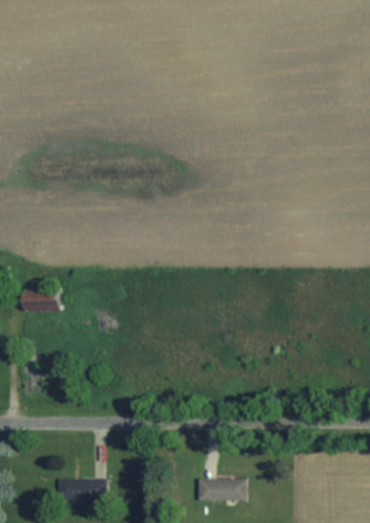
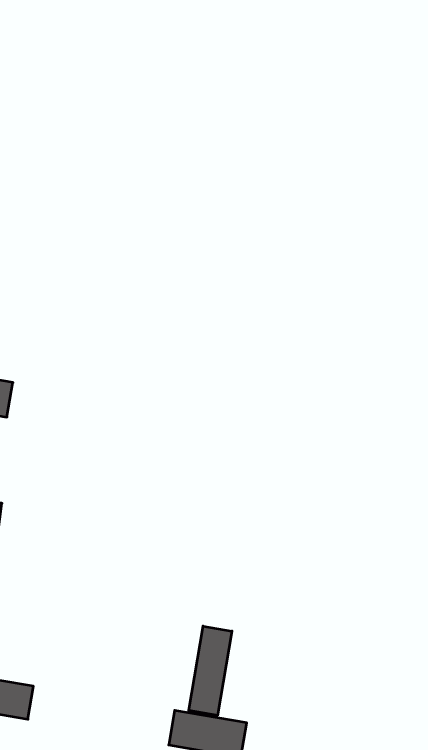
building: none -> [189,626,232,715]

